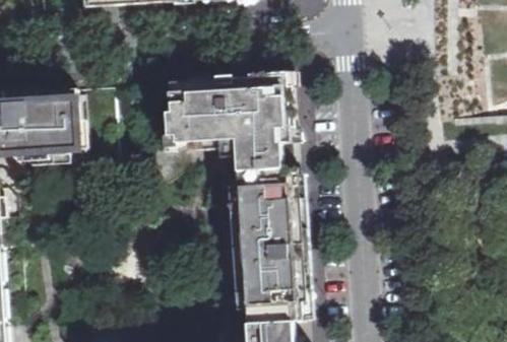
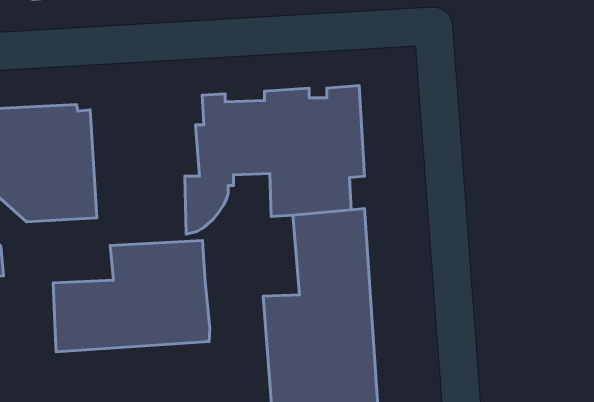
building: none -> [53,241,210,352]

